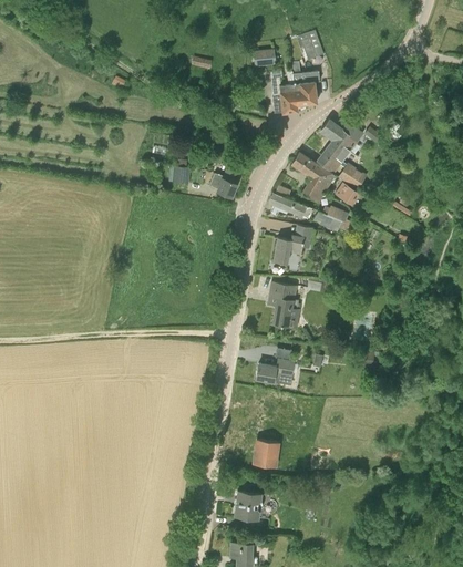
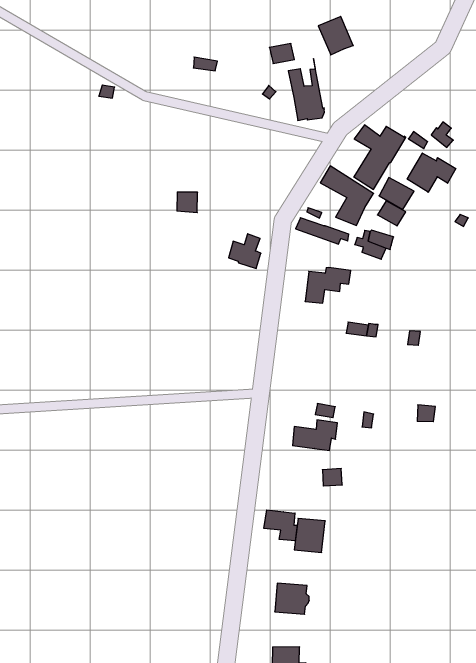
building: [290,63,320,106] -> none
building: none -> [407,153,456,192]
building: [209,168,236,197] -> [229,234,261,268]
building: [268,282,299,329] -> none
building: none -> [264,510,297,541]

